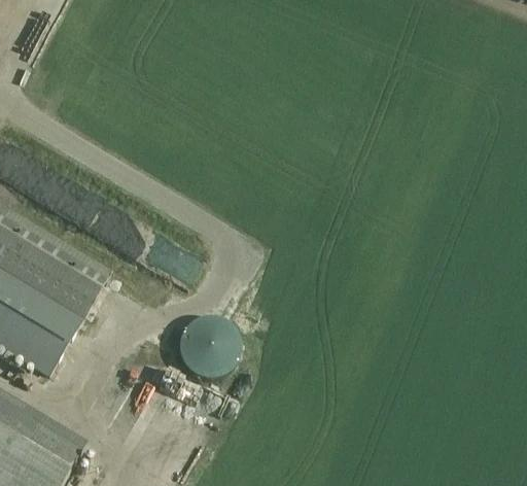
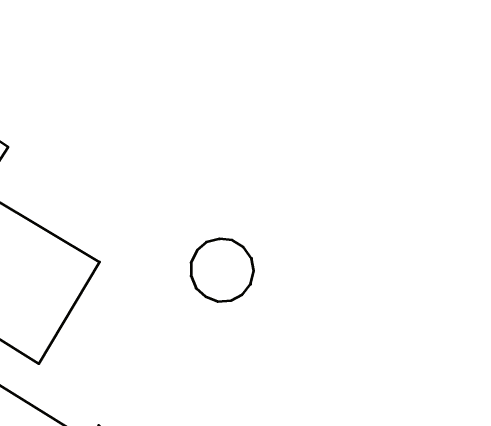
building: [178,319,241,382] -> [191,239,254,302]

